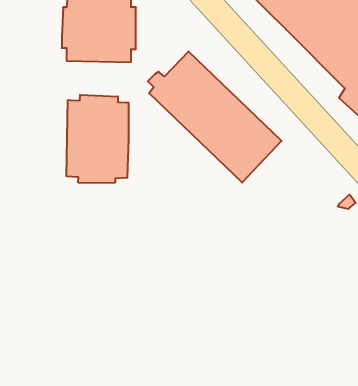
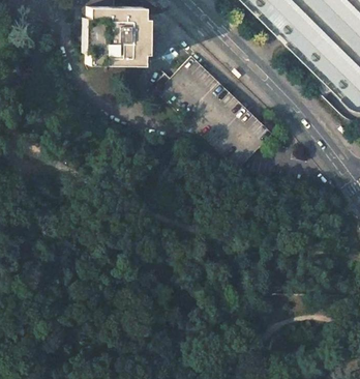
building: [67,95,129,183] -> none

